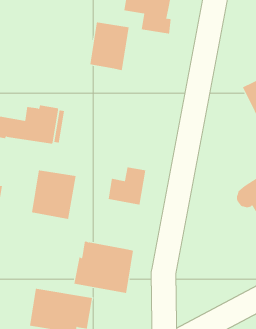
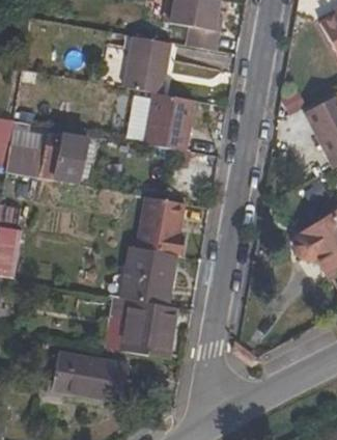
building: none -> [143,90,193,149]
building: [31,170,77,220] -> [121,245,175,304]

